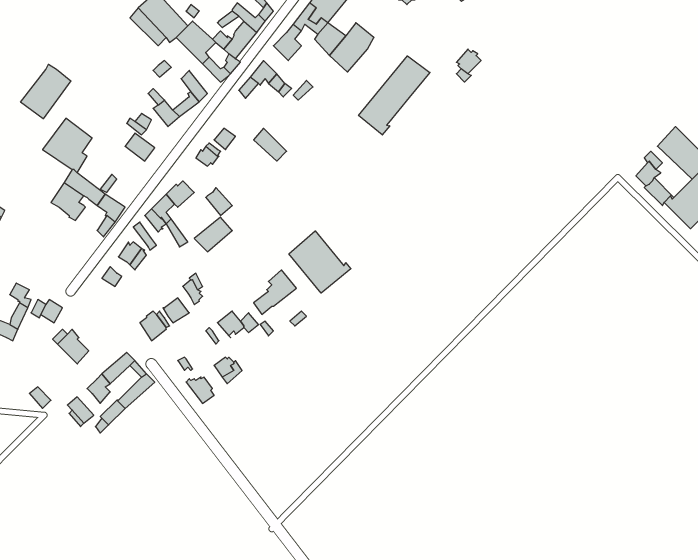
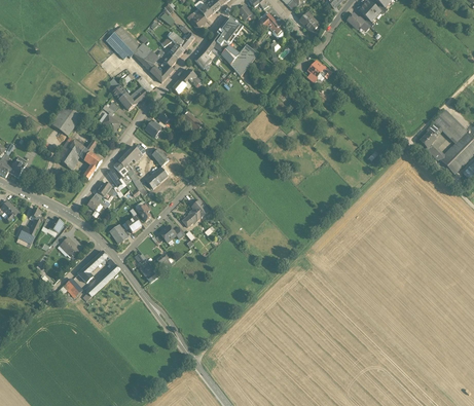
building: [359,56,430,135] -> none
building: [21,64,71,119] -> none
building: [289,231,351,293] -> none

